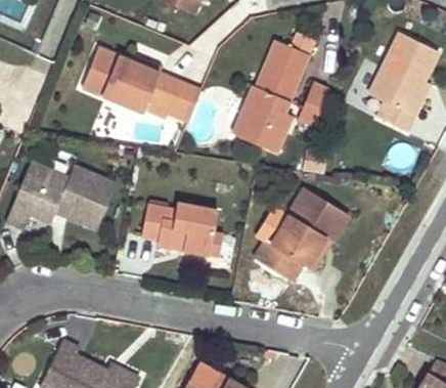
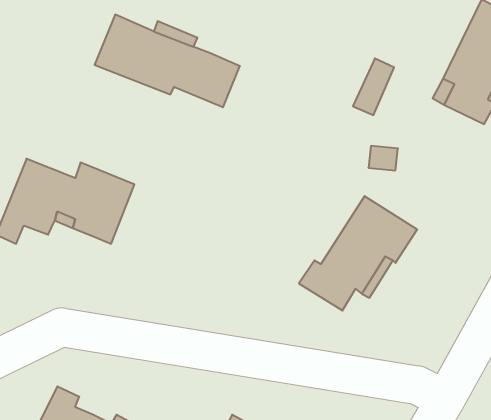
building: [228,44,307,155] -> none
building: [146,200,225,253] -> none

